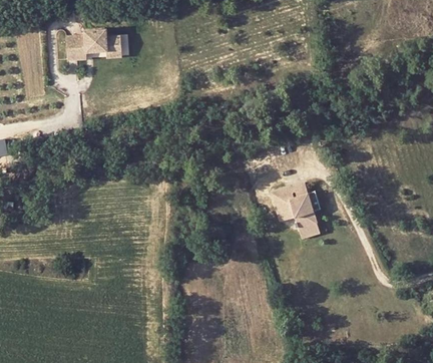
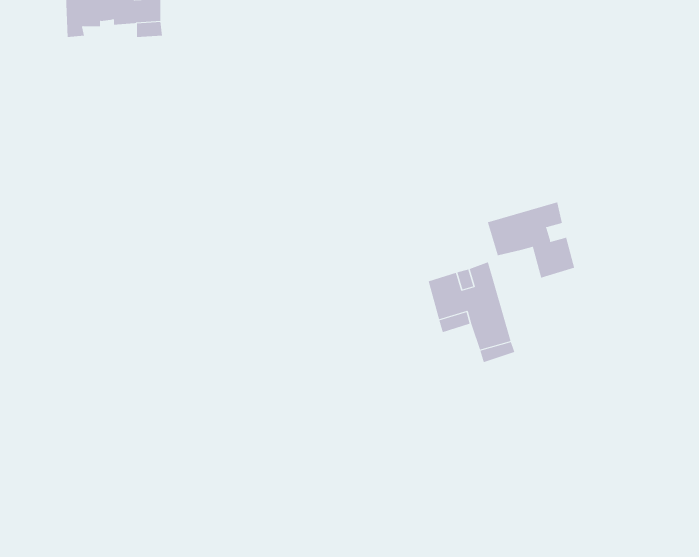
building: none -> [487,201,575,279]

